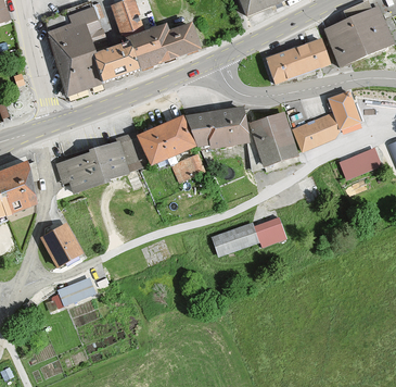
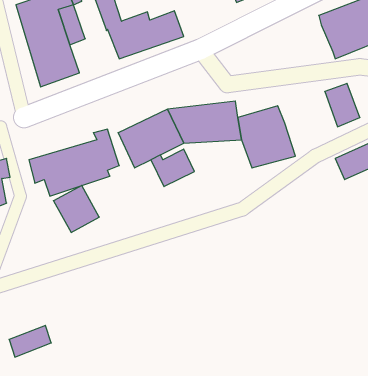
building: [266,36,336,84] -> none
building: [93,40,139,80] -> none
building: [292,112,337,151] -> none
building: [210,215,288,255] -> none
building: [40,224,82,267] -> [53,185,99,232]
building: [58,276,97,305] -> [9,325,51,357]

